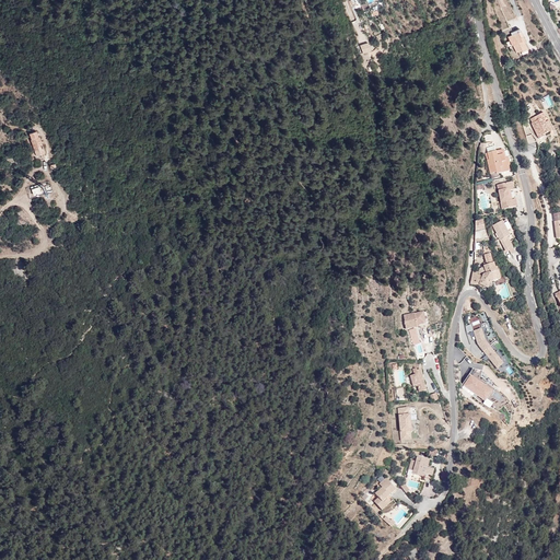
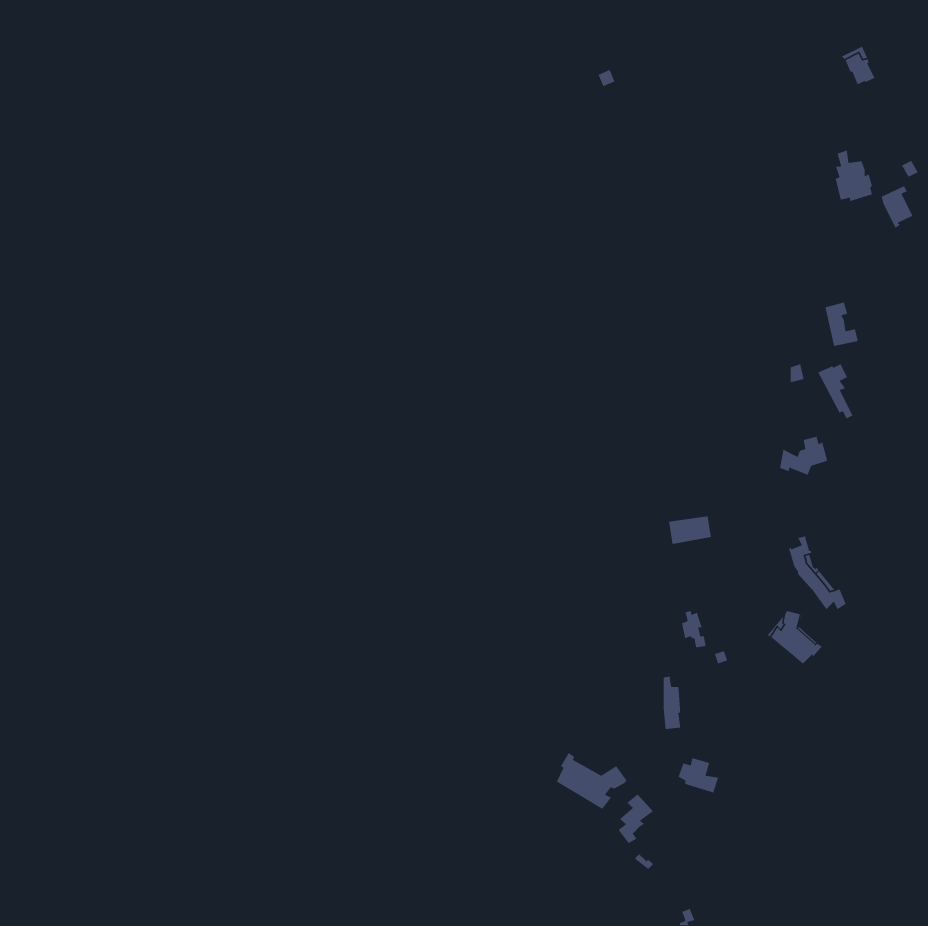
building: [487,142,510,174] -> [835,150,873,202]
building: none -> [556,752,627,810]

